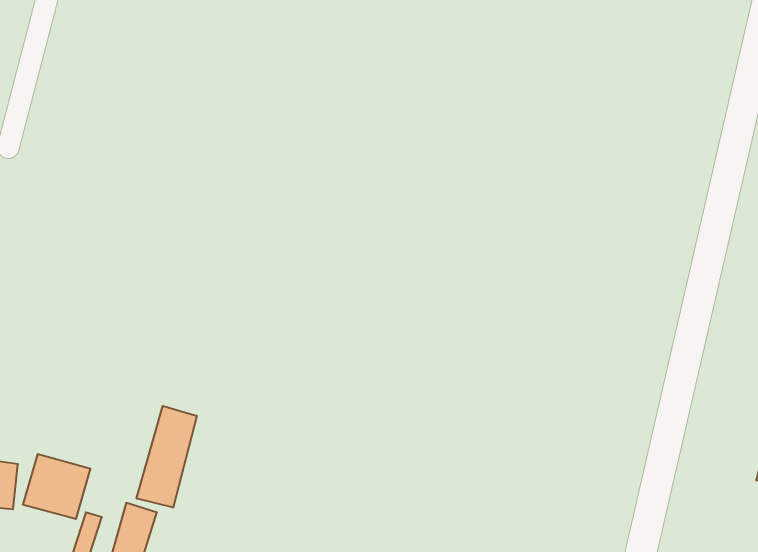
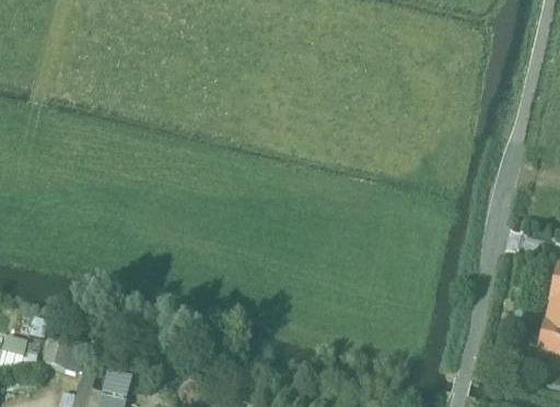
building: [137,406,197,508] -> none

